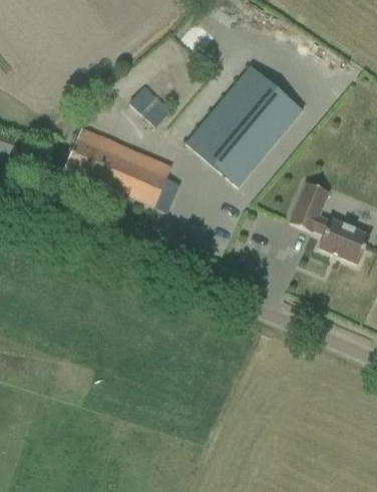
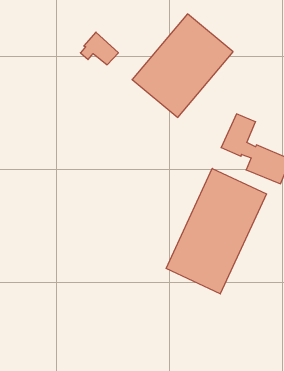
building: [65,128,179,212] -> none
building: none -> [166,168,266,294]

